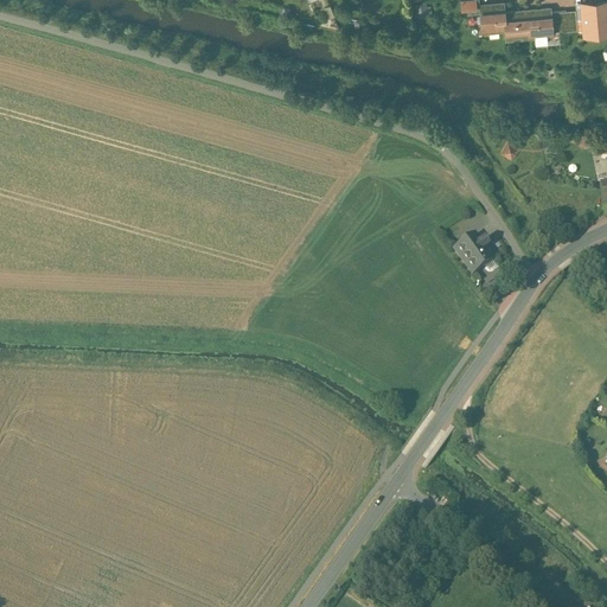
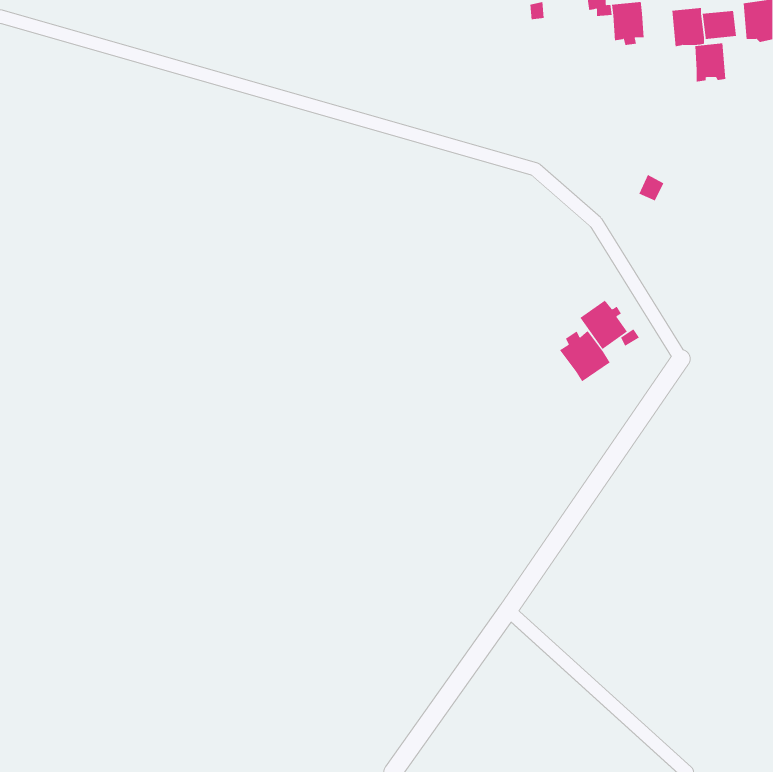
building: [504,8,529,39] -> [694,43,726,82]
building: none -> [559,330,611,382]

